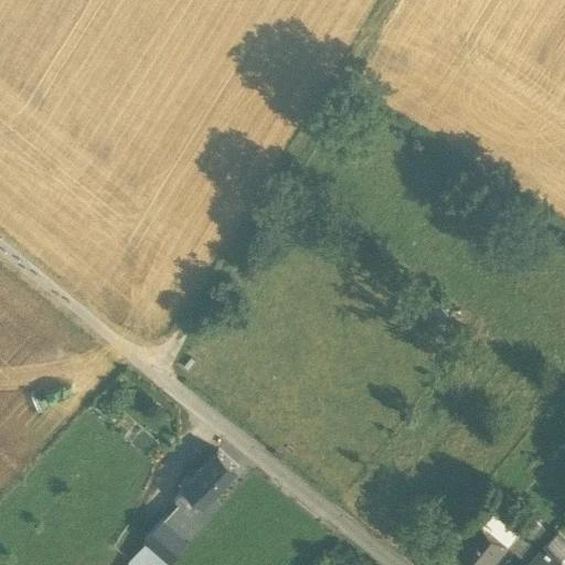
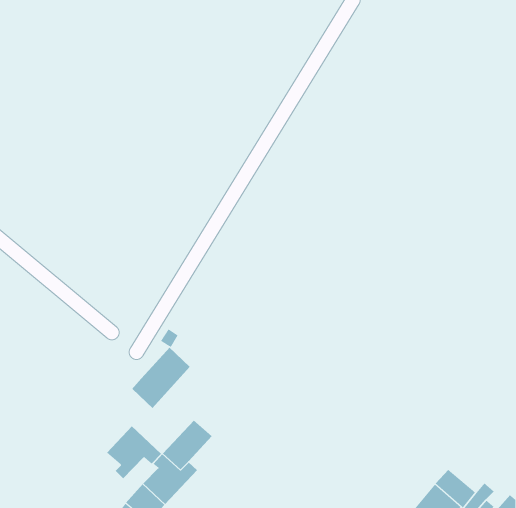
building: none -> [132,347,191,409]
building: none -> [106,426,162,479]

